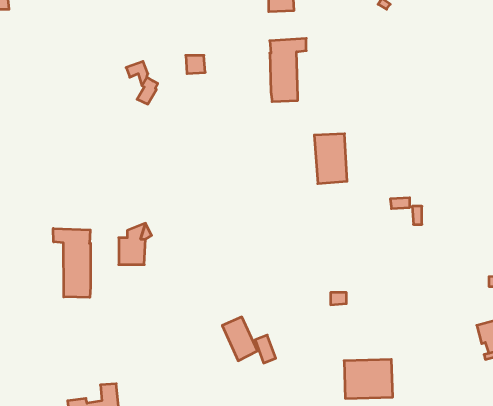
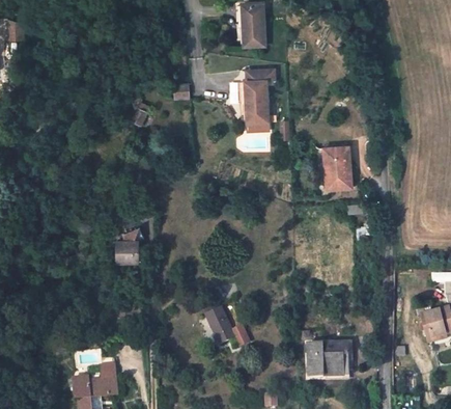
building: [314,134,347,184] -> [323,147,351,190]
building: [53,228,91,297] -> none

